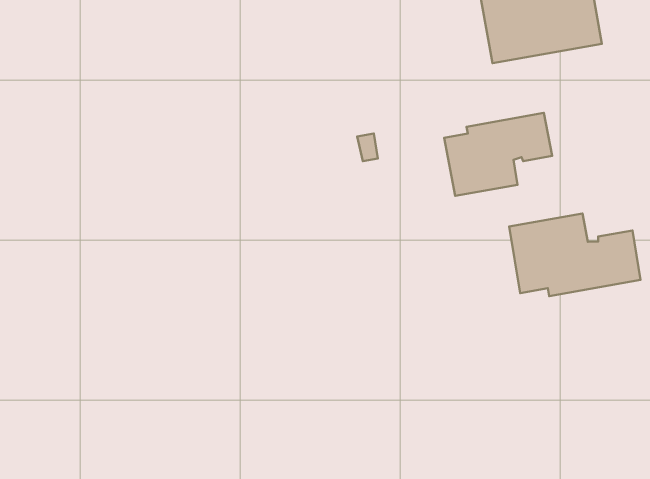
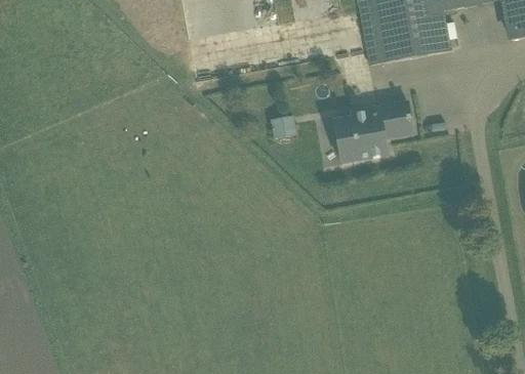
building: [509,213,640,296] -> none

